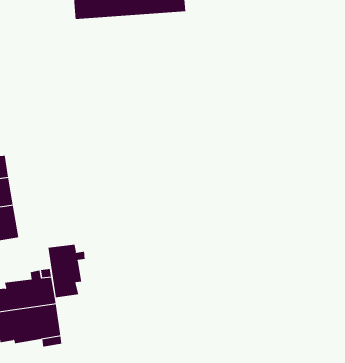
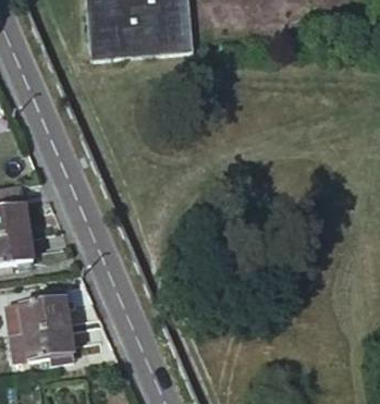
building: [48,244,85,298] -> none

